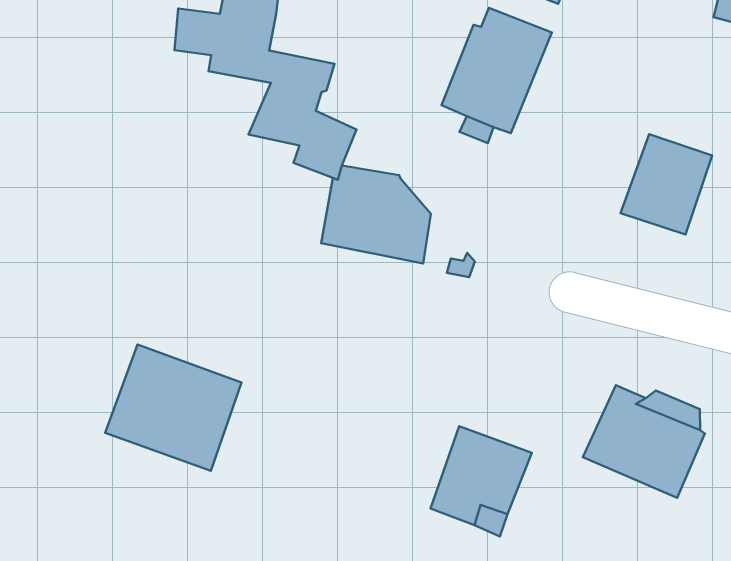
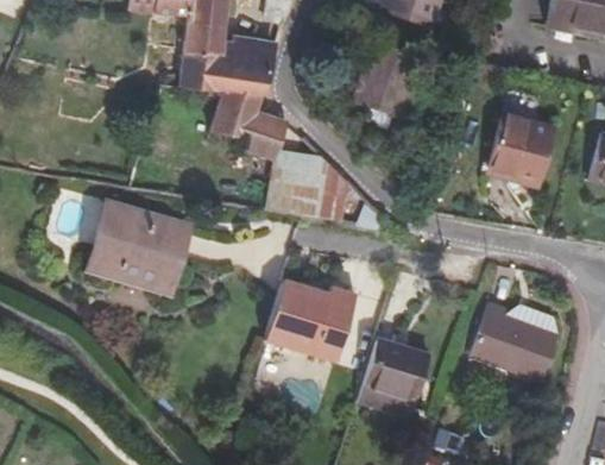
building: none -> [221,40,276,75]
building: none -> [263,276,354,363]
building: [105,344,241,471] -> [89,202,188,293]

